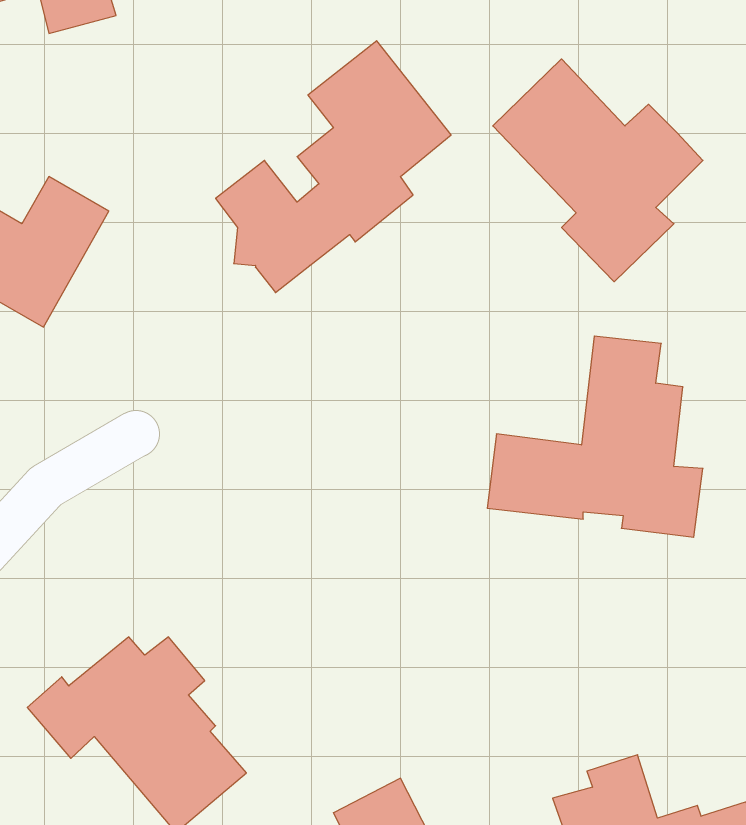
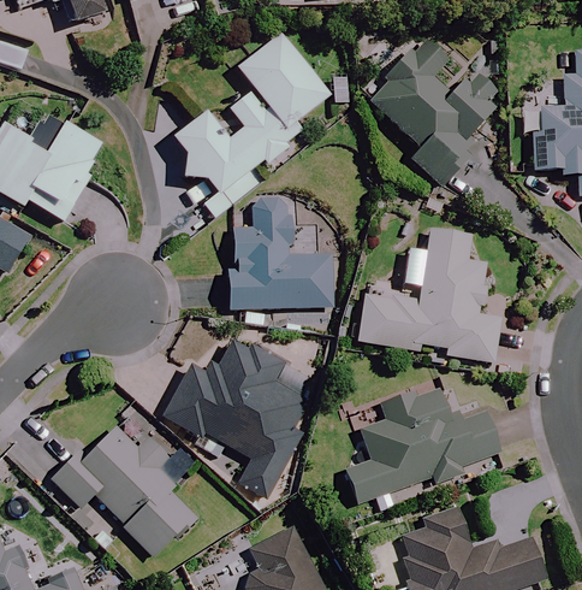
building: none -> [238,193,338,305]
building: none -> [161,343,309,496]
building: none -> [340,388,499,503]

